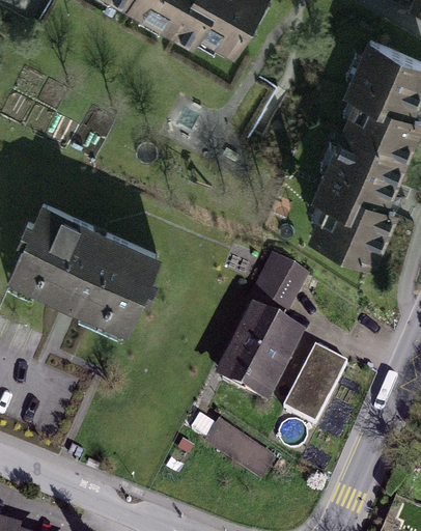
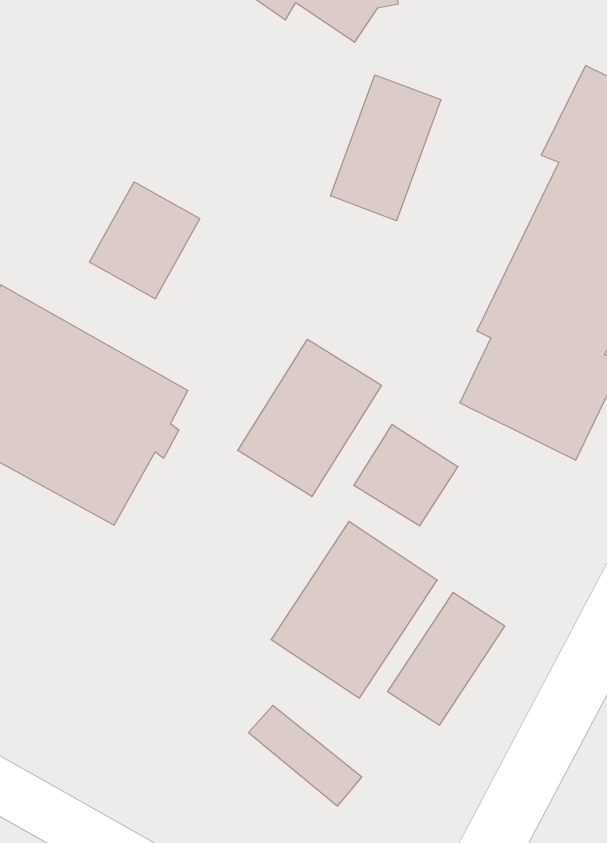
building: none -> [330,75,441,221]
building: none -> [90,182,200,299]
building: none -> [238,339,382,497]

